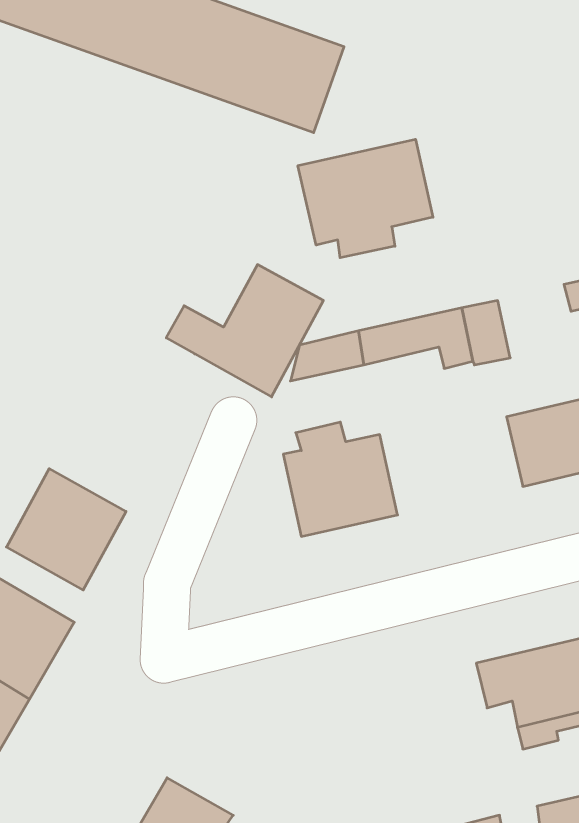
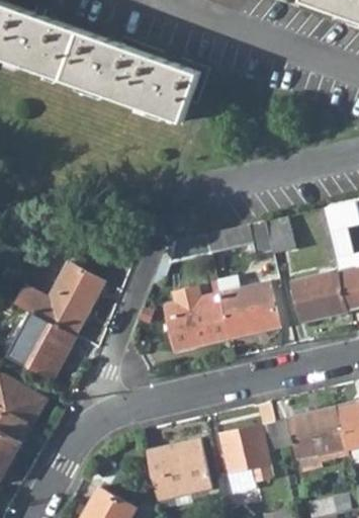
building: [298,139,433,258] -> none
building: [166,265,323,397] -> [16,261,105,336]
building: none -> [216,275,279,338]
building: none -> [219,422,280,486]
building: none -> [146,438,211,500]

